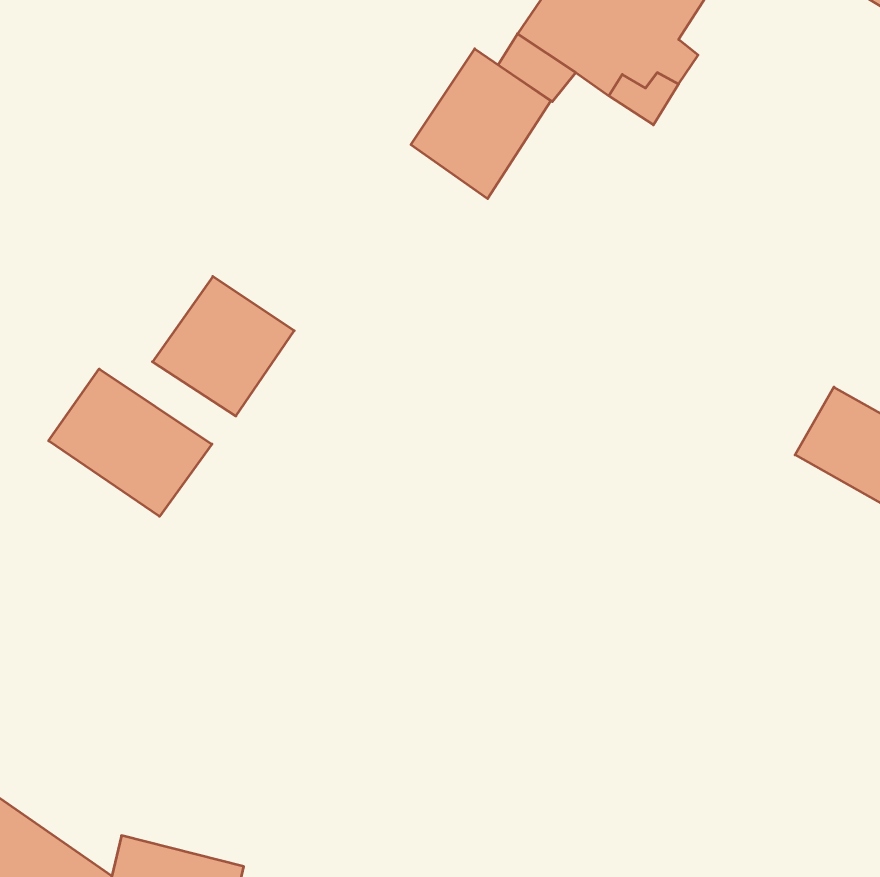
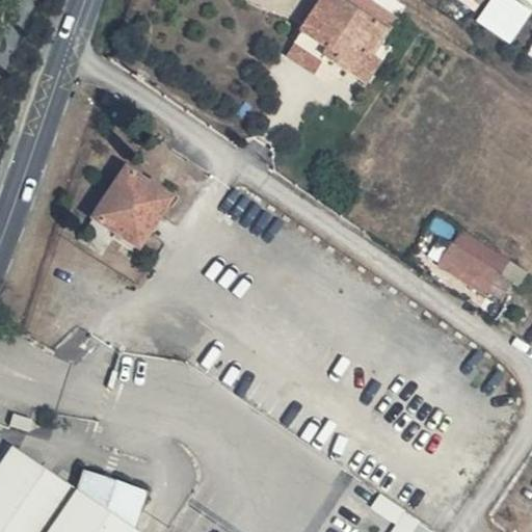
building: [411,49,551,199] -> none
building: [49,369,212,516] -> none

